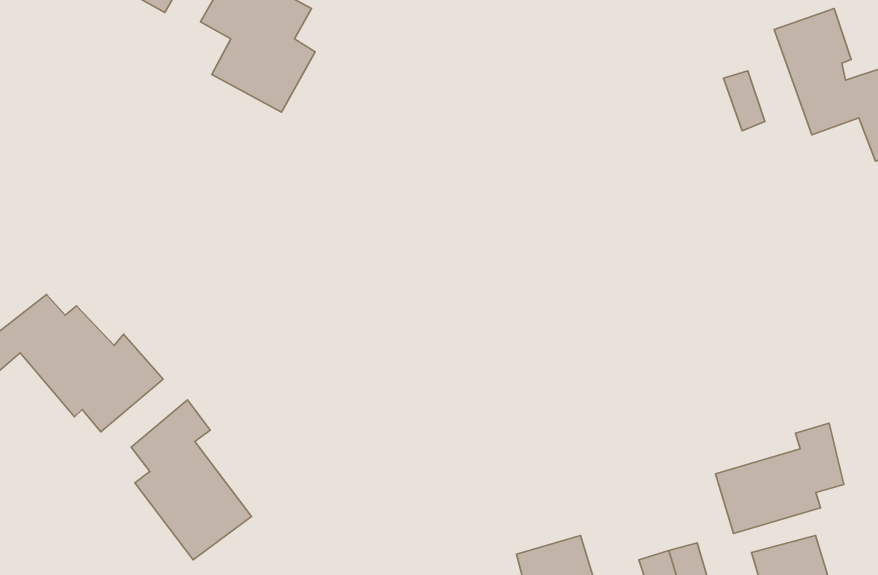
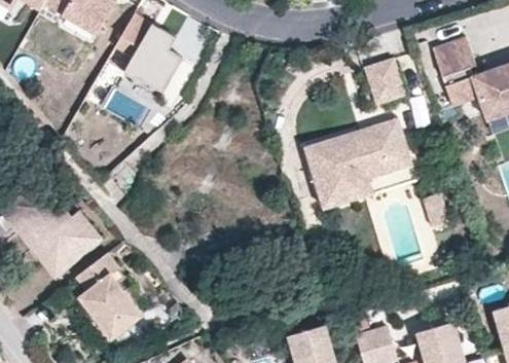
building: none -> [363,57,402,102]
building: none -> [304,123,417,209]
building: [716,423,844,533] -> none

